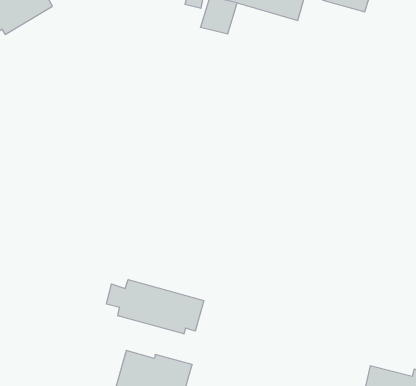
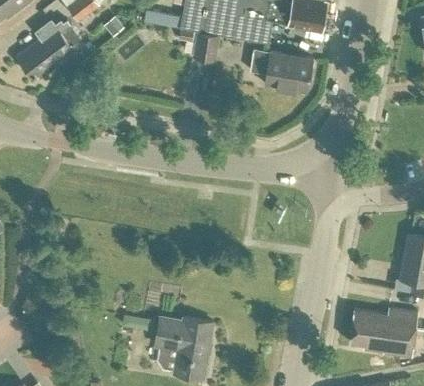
building: none -> [250,48,313,92]
building: [107,280,204,334] -> none

